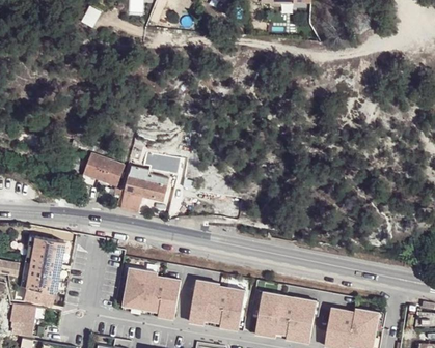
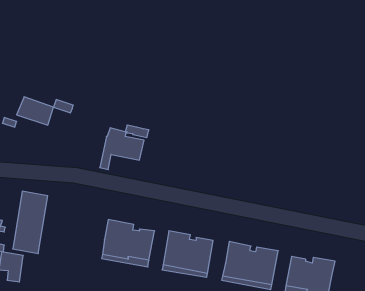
building: [83,154,124,185] -> [17,97,53,125]

